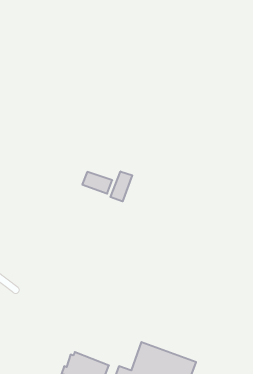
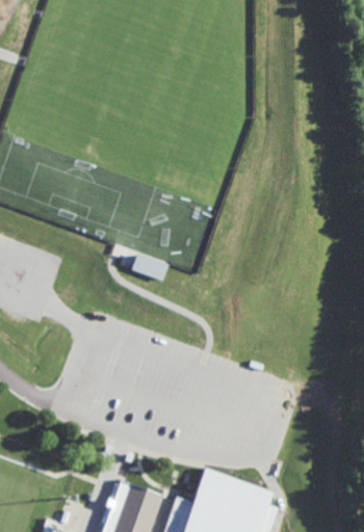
building: [110,171,132,201] -> none

